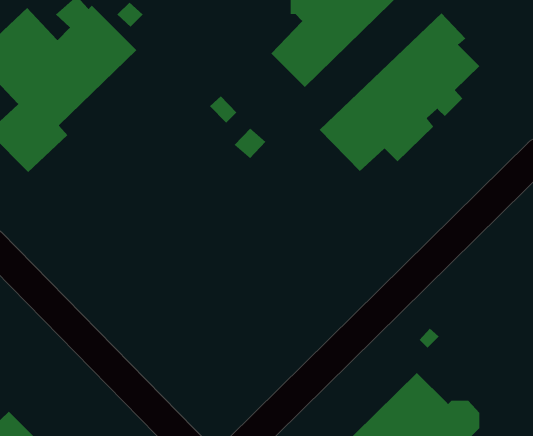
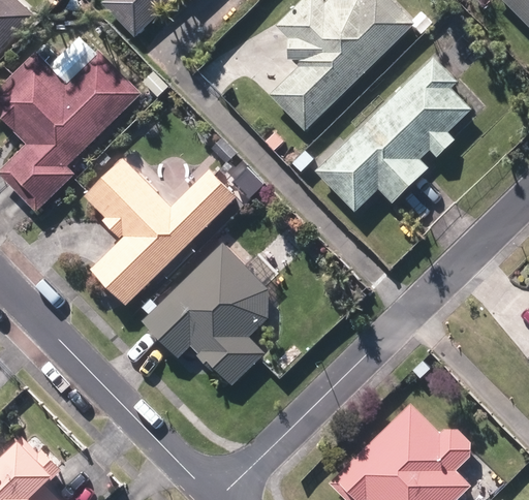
building: none -> [84,158,235,305]
building: none -> [142,244,268,385]

